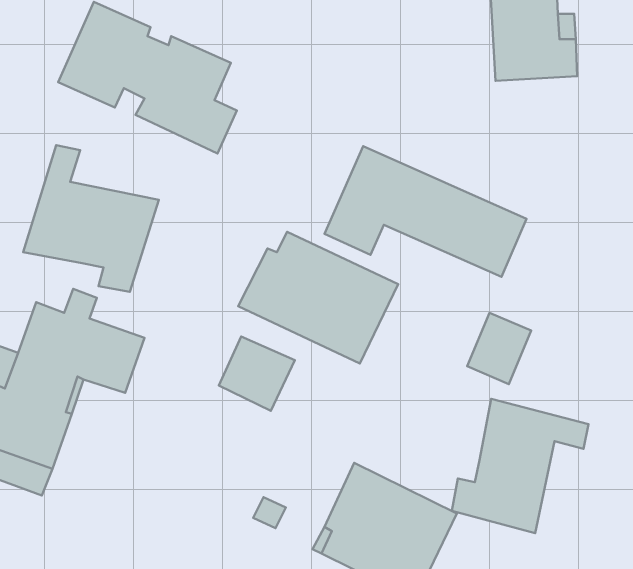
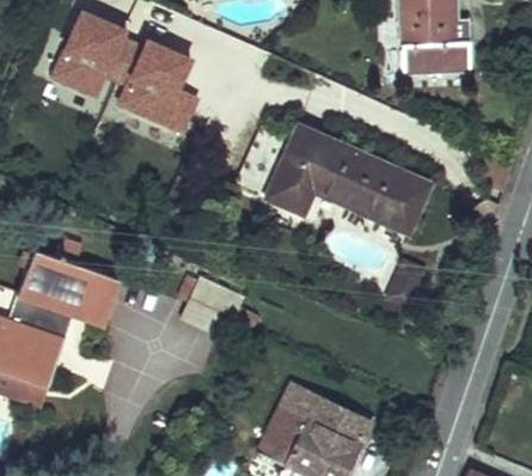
building: [23,145,159,292] -> none
building: [238,232,398,364] -> none
building: [452,399,588,533] -> none

